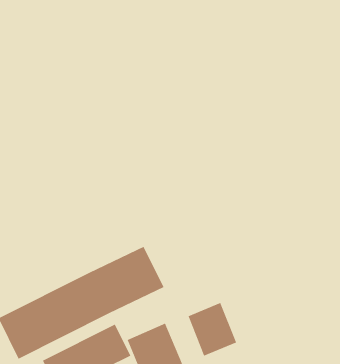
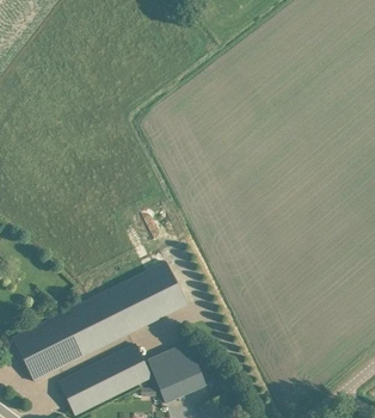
building: [188,302,237,356] -> none

